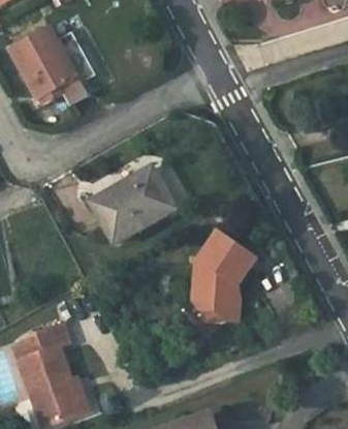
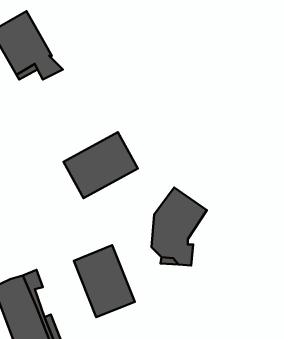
building: none -> [74,245,135,317]

